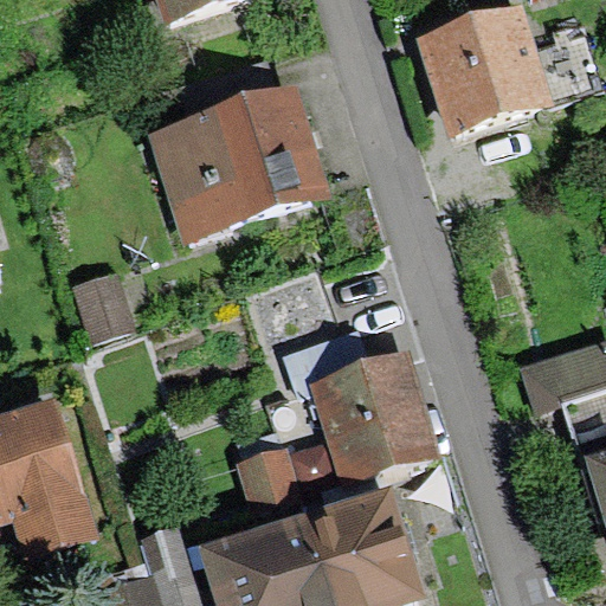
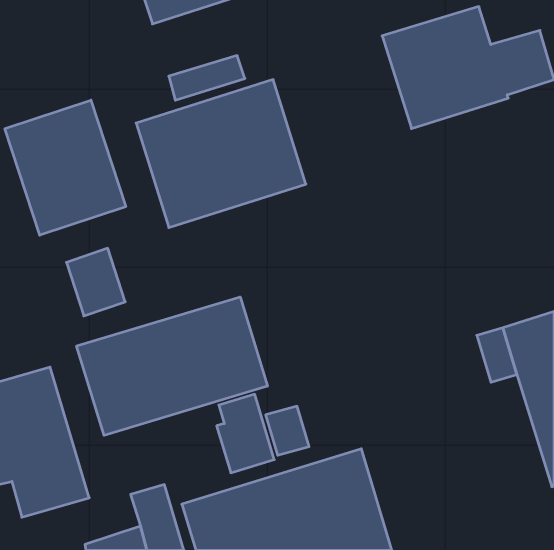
building: none -> [5,100,126,235]
building: none -> [77,297,267,435]
building: [282,330,439,485] -> none

